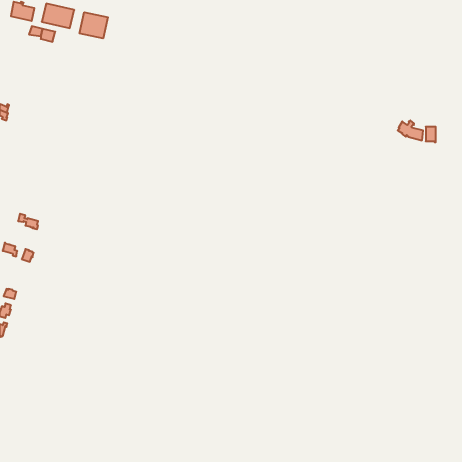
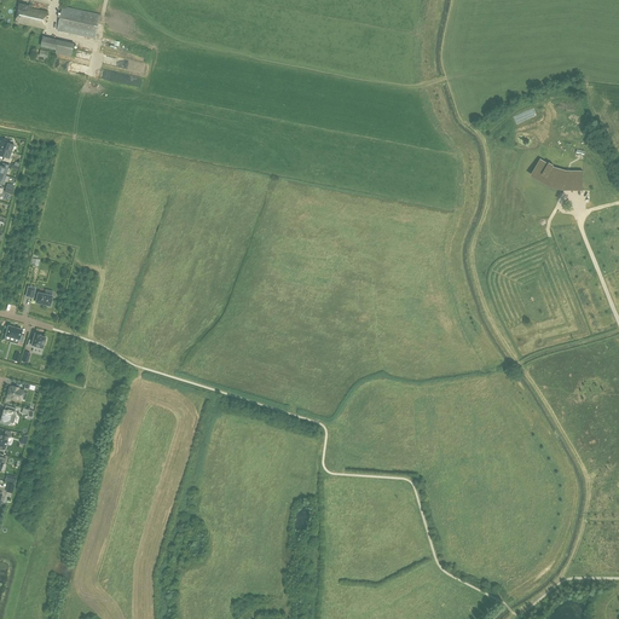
building: [80,12,108,38] -> none

